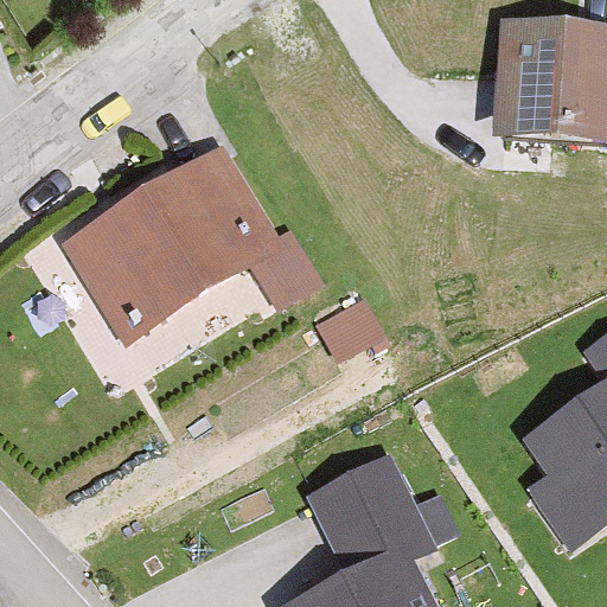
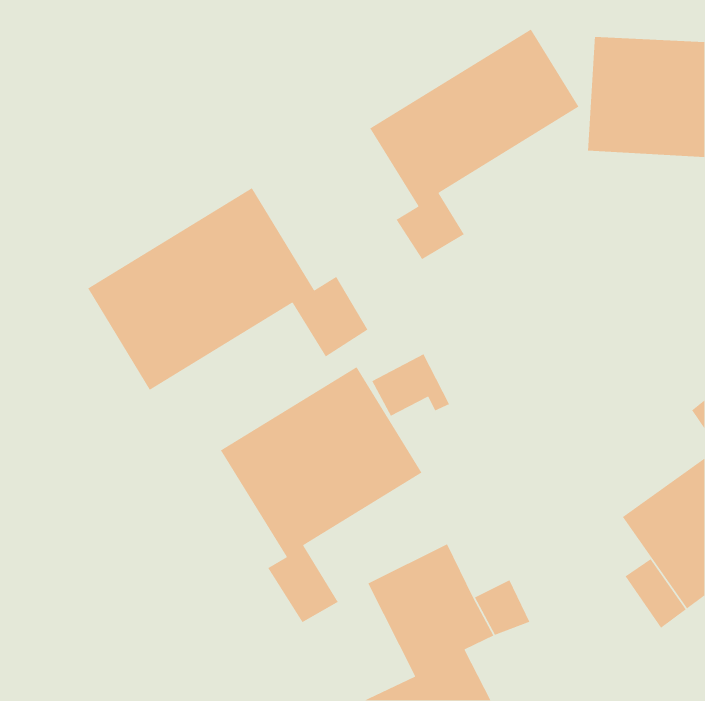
building: none -> [369,29,580,260]
building: none -> [220,366,423,623]

